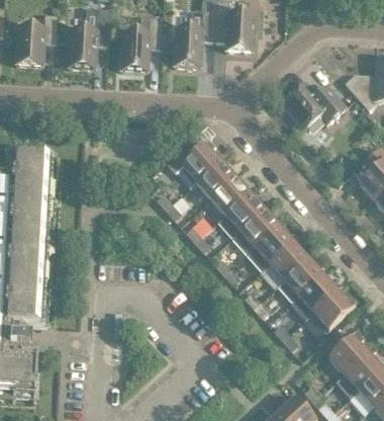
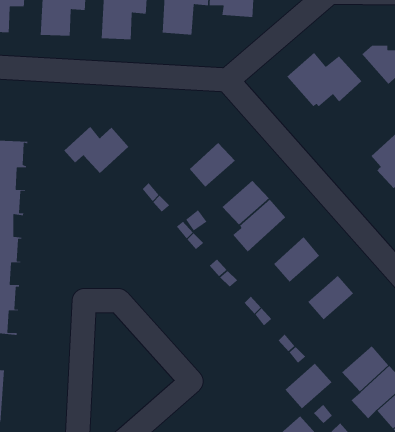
building: [166,142,222,183] -> [63,126,129,174]
building: [211,176,252,216] -> none
building: [248,225,296,271] -> none
building: [284,258,325,298] -> none
building: [313,290,355,331] -> [284,363,332,410]

